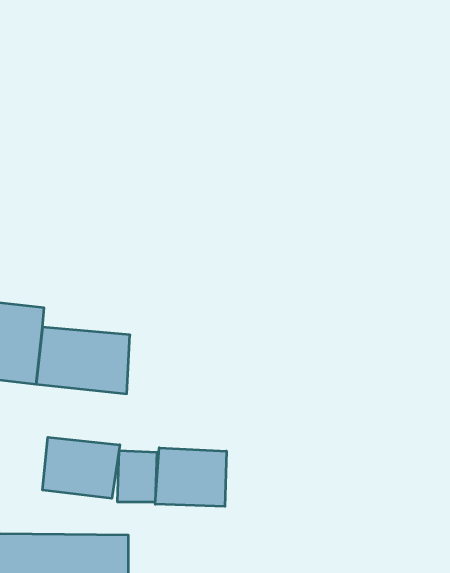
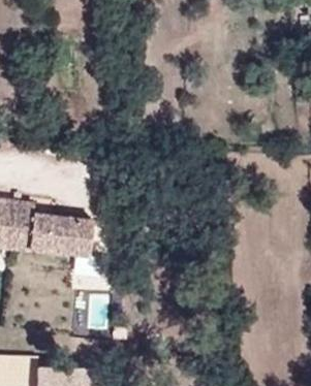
building: [43,437,120,498] -> none
building: [155,448,226,506] -> none

